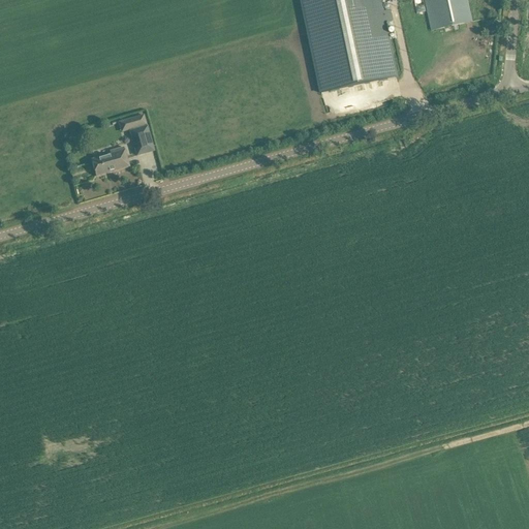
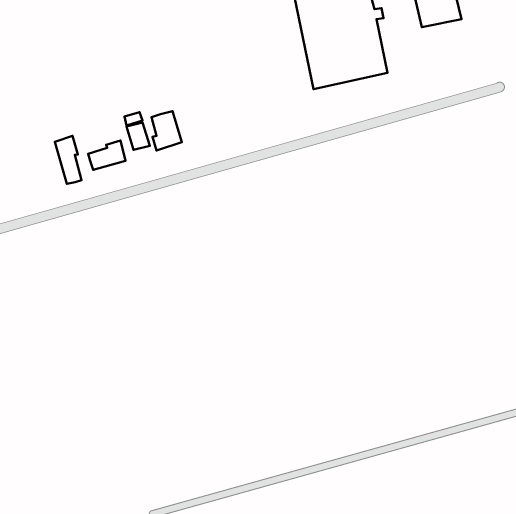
building: none -> [151,111,182,151]
building: none -> [55,136,81,184]

